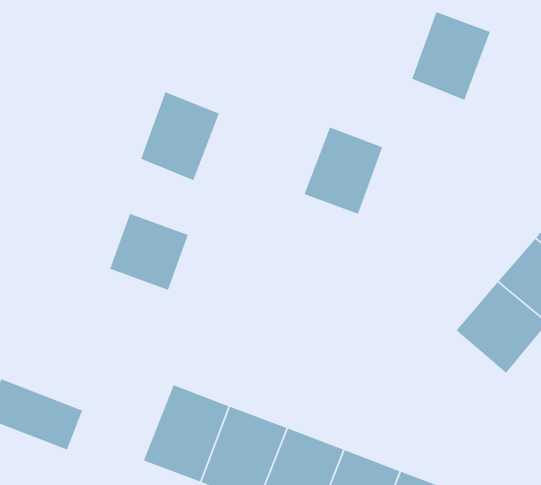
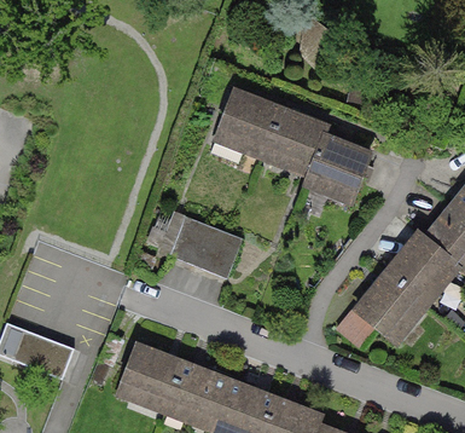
building: [411,11,491,101] -> [302,127,368,202]
building: [140,91,220,181] -> [211,92,278,167]
building: [109,213,189,291] -> [170,214,237,279]
building: none -> [348,281,425,358]

